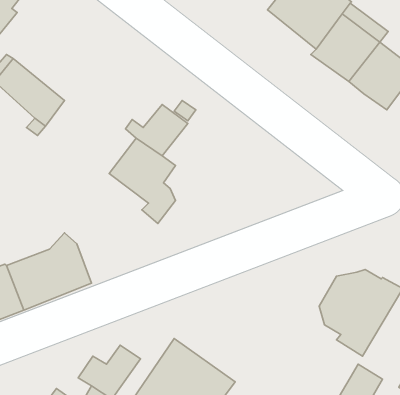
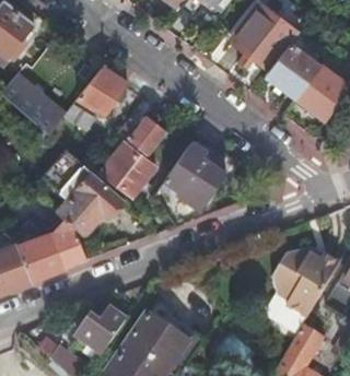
building: none -> [66,69,124,120]
building: none -> [165,143,223,212]
building: none -> [42,150,124,236]

